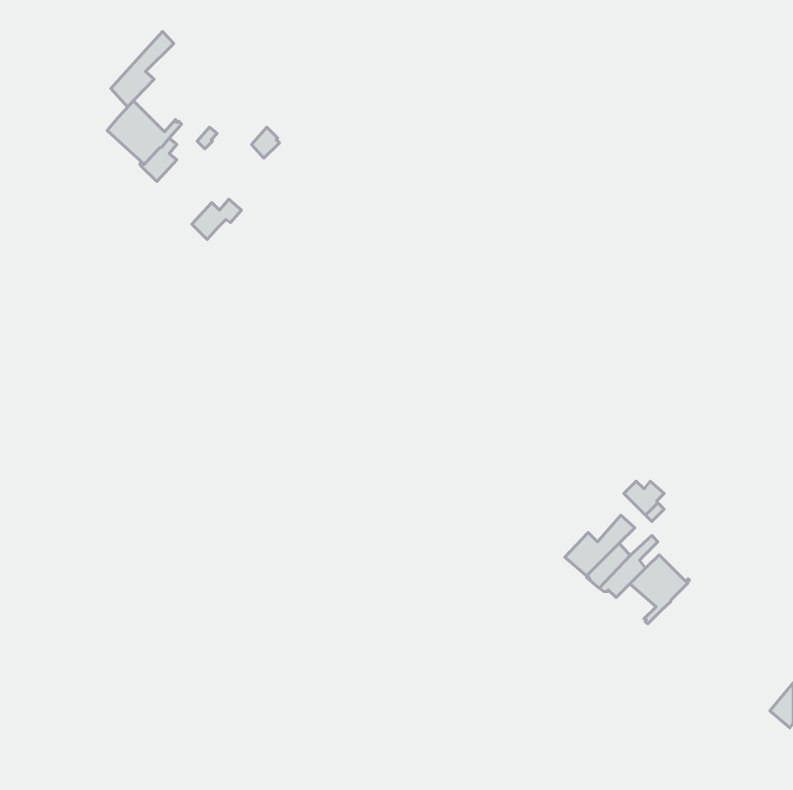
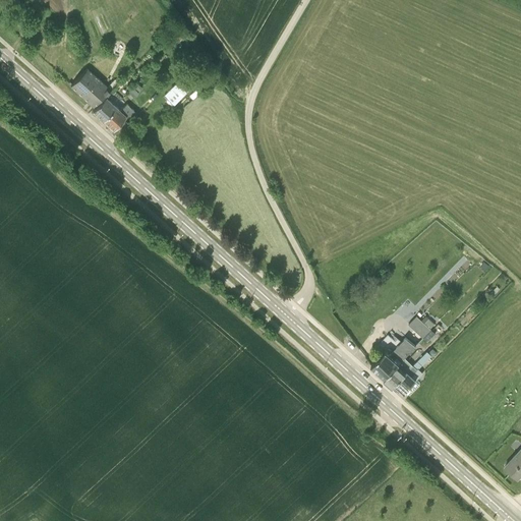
building: [111,32,174,107] -> none
building: [192,199,241,240] -> [103,105,135,131]
building: [630,555,690,624] -> none

